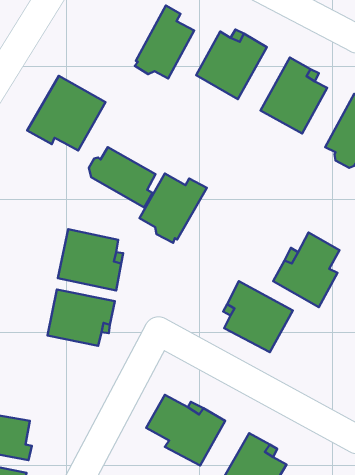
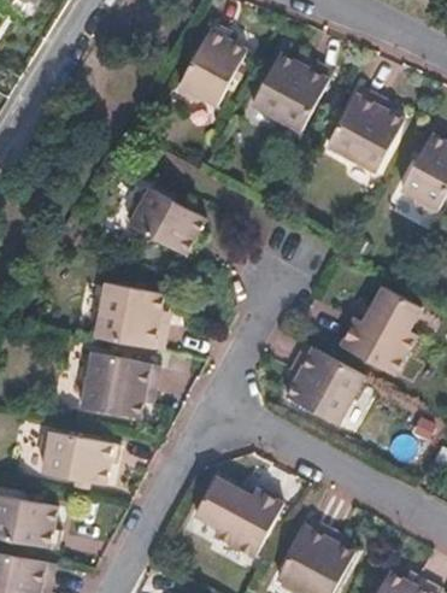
building: [27,76,105,150] -> none
building: [139,173,207,243] -> none
building: none -> [40,428,122,481]

